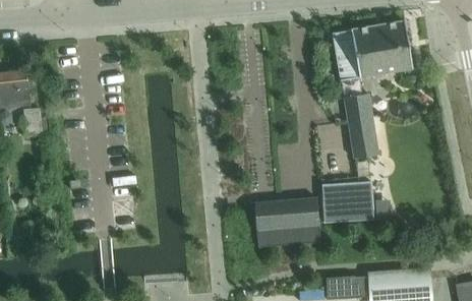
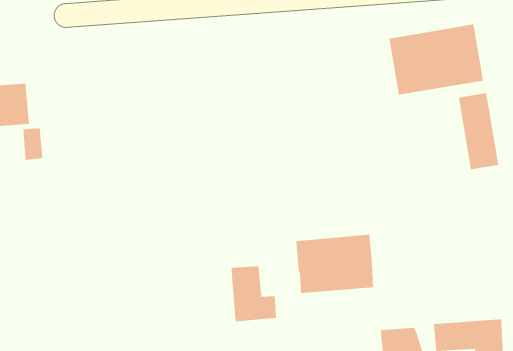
building: [344,94,378,159] -> [458,93,499,170]
building: [321,182,373,224] -> none
building: none -> [231,265,277,322]

